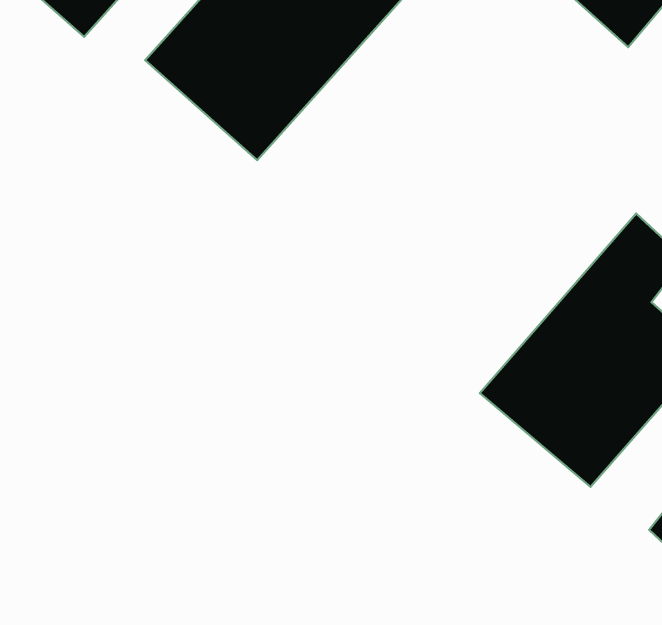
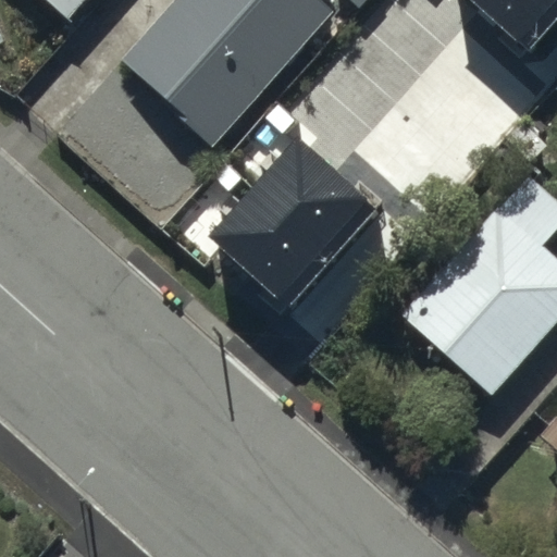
building: none -> [212,137,372,300]

